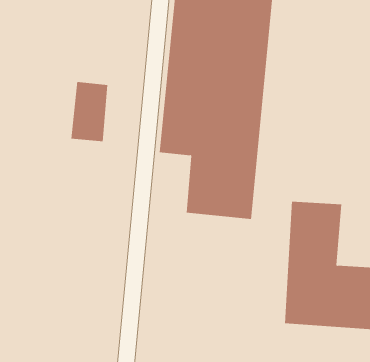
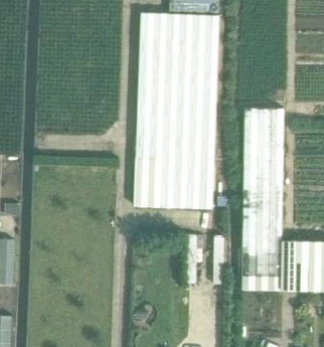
building: [71,82,108,142] -> [134,161,161,207]
building: none -> [242,109,284,193]

